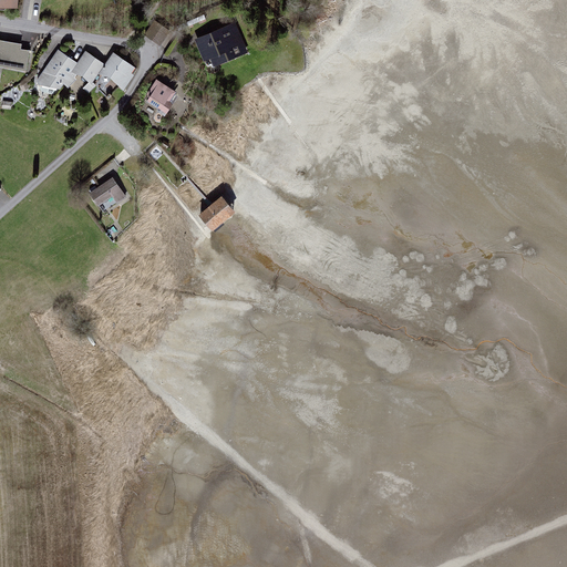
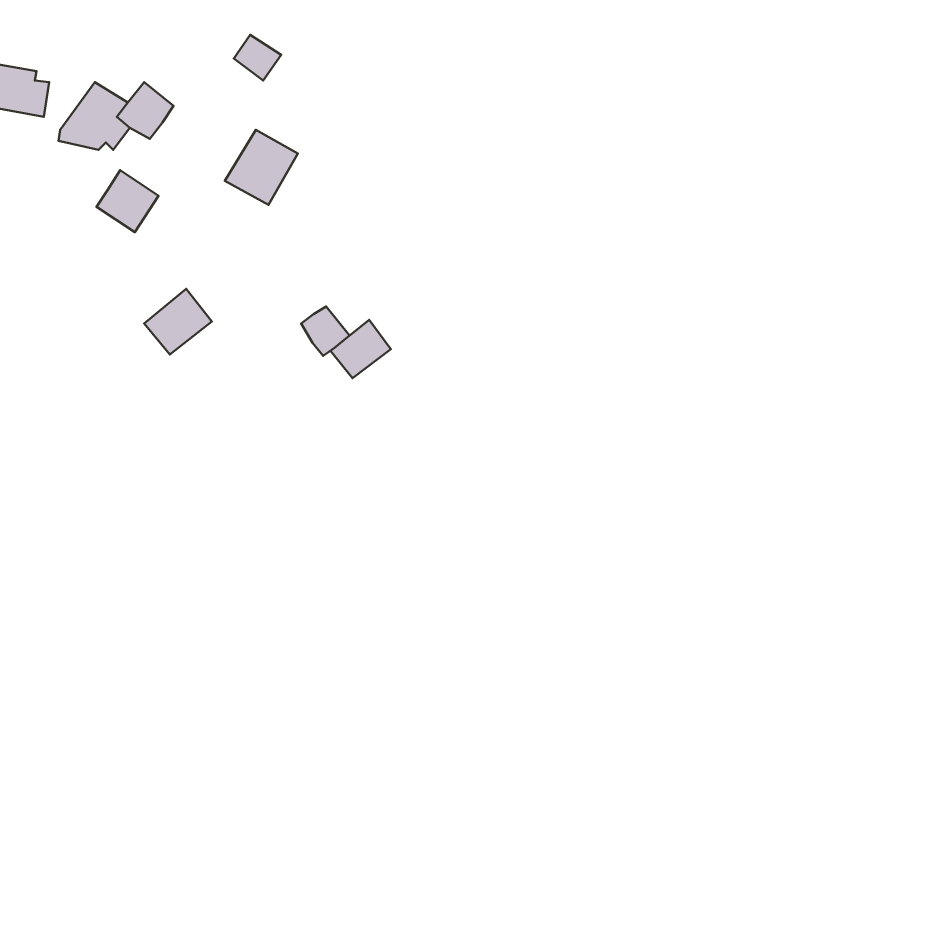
building: [194,23,246,70] -> none
building: [99,52,136,90] -> [96,170,158,232]
building: none -> [301,306,350,356]

